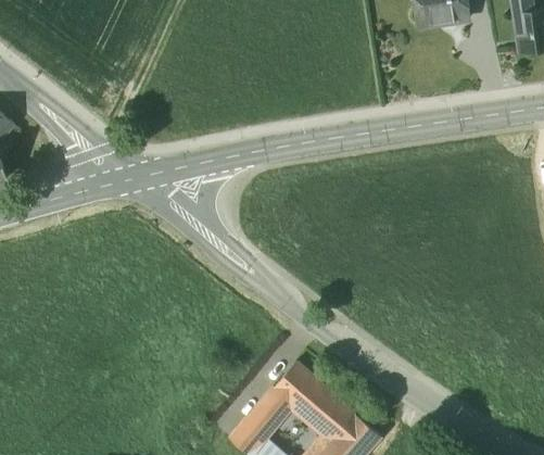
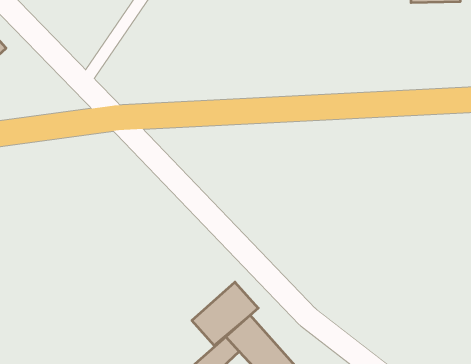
building: none -> [192,282,258,346]

